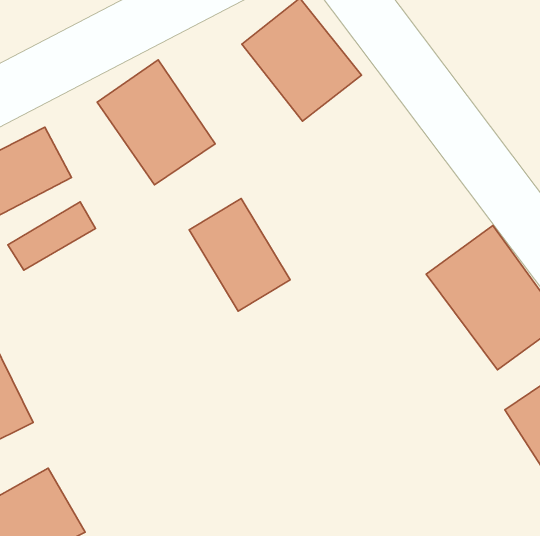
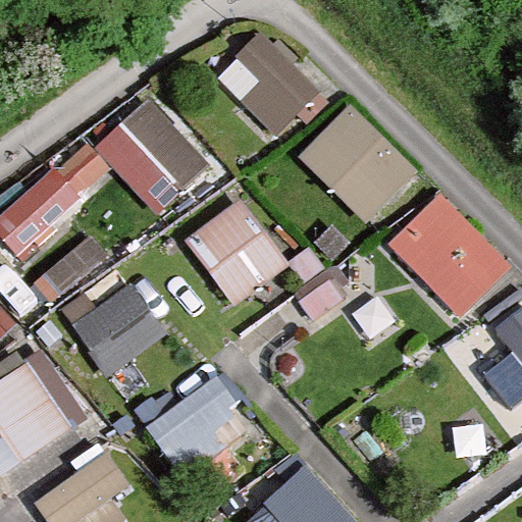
building: none -> [294,104,413,222]
building: none -> [71,285,162,374]
building: none -> [143,374,256,481]

